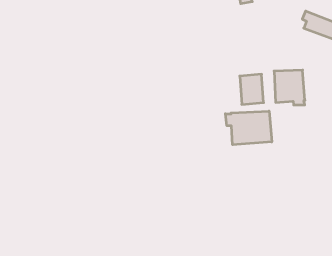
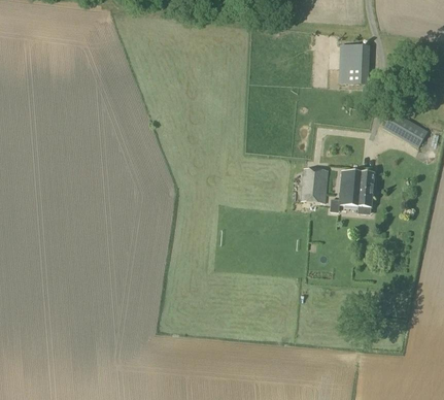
building: [225,111,272,145] -> none

